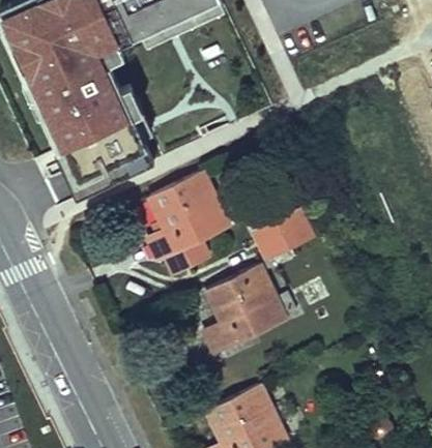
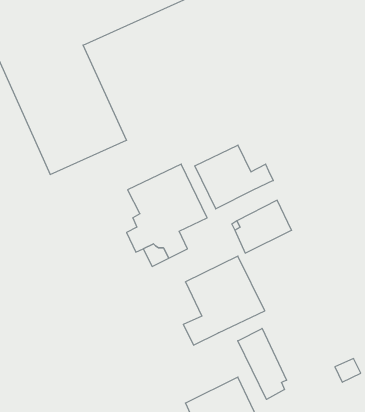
building: none -> [195,145,273,209]
building: none -> [238,328,287,399]

